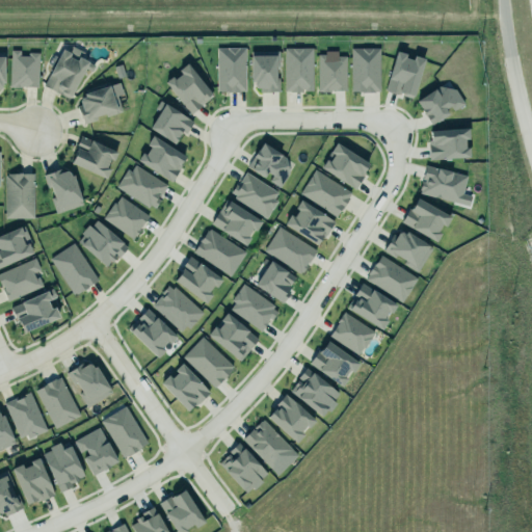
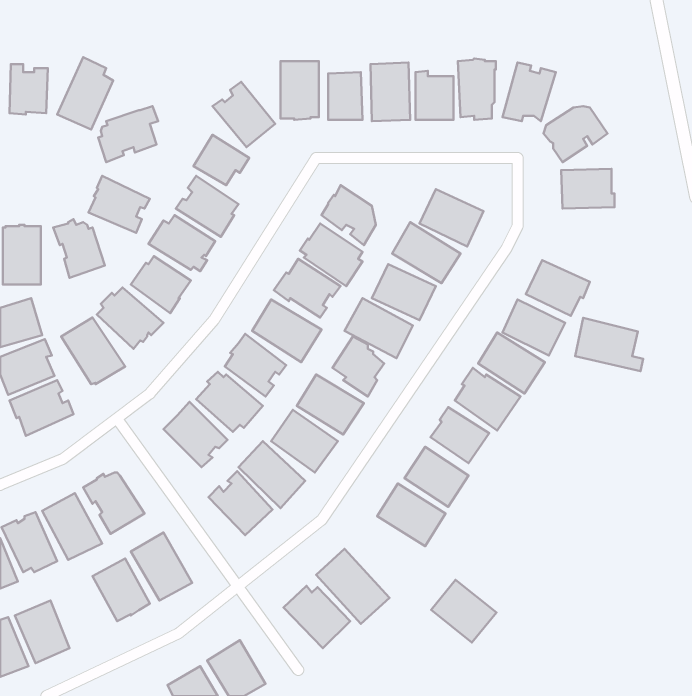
building: [422,165,474,206] -> [575,318,643,371]
building: [268,395,318,443] -> [431,580,496,643]
building: [45,441,87,490] -> none

